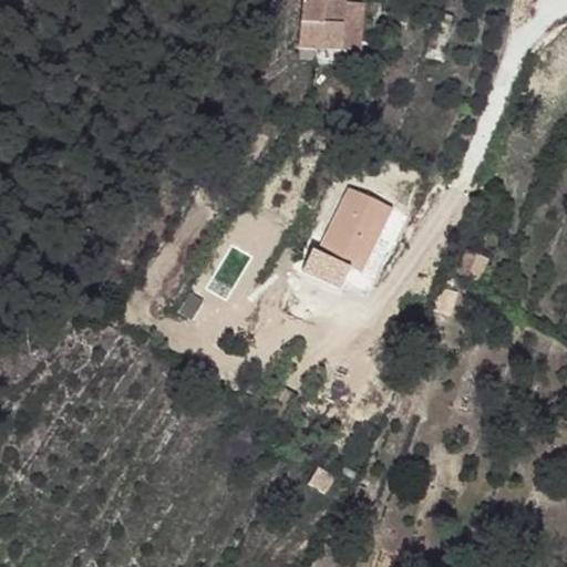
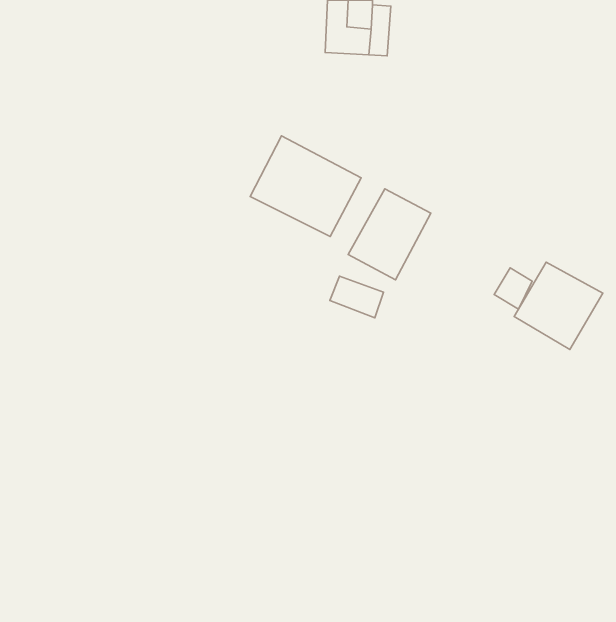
building: none -> [250,136,361,236]
building: none -> [514,262,603,350]

